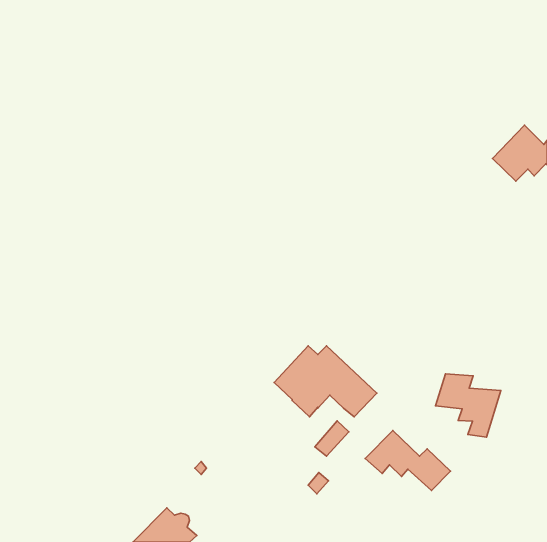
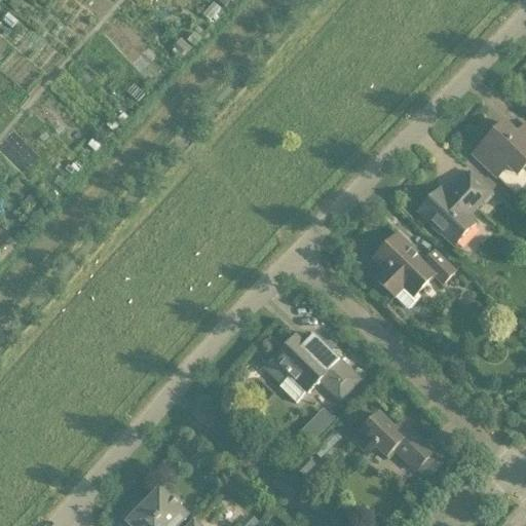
building: none -> [418,172,491,243]
building: none -> [372,232,454,309]
building: [436,374,501,437] -> none

